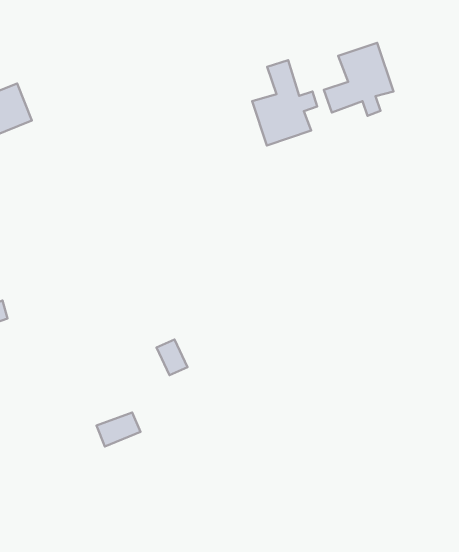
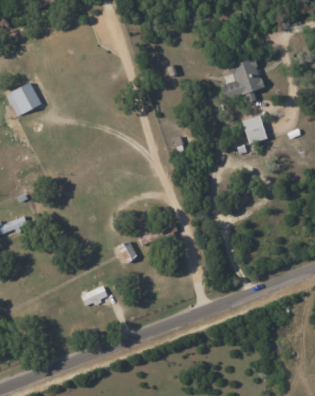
building: [252,60,317,145] -> none
building: none -> [242,115,267,143]

